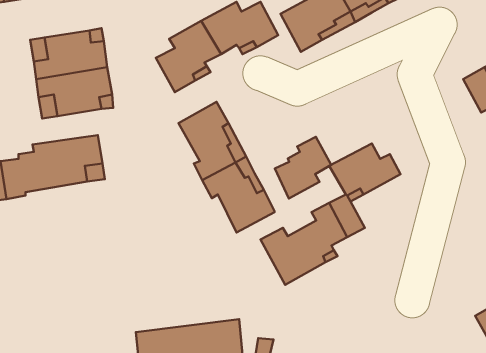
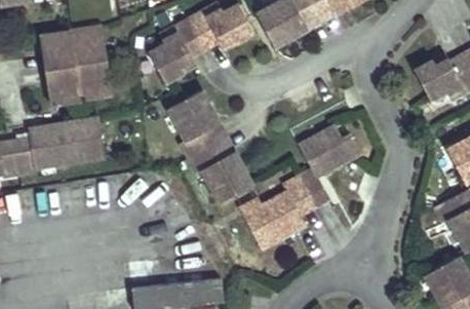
building: [275,137,331,198] -> none

